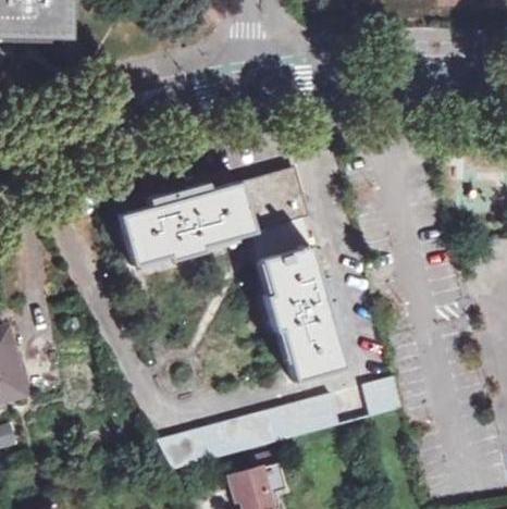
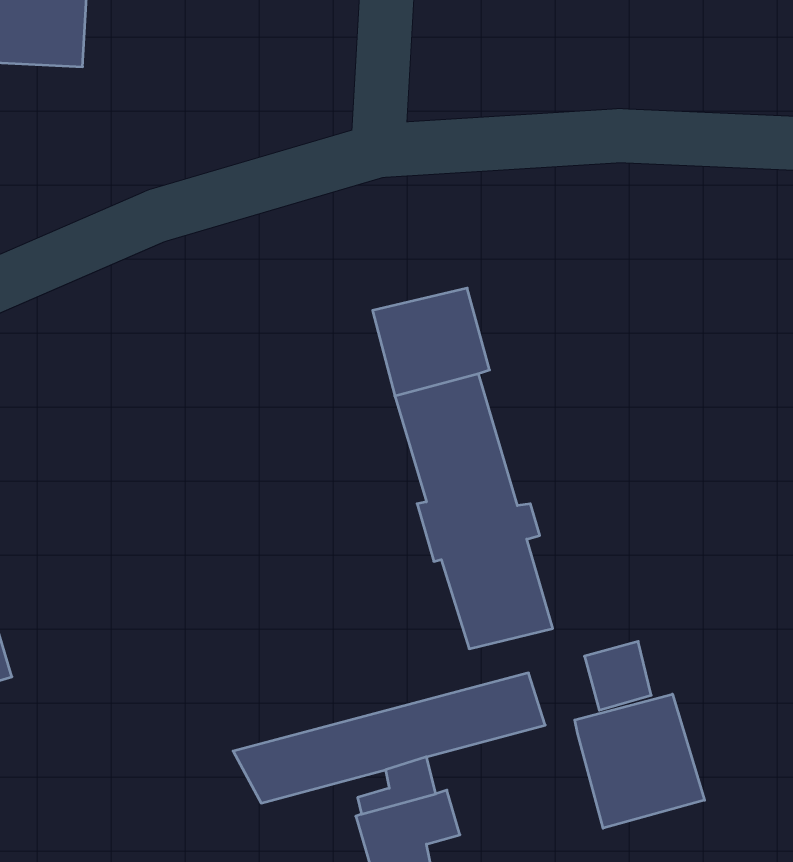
building: [119,182,251,263] -> none
building: none -> [575,694,705,828]

